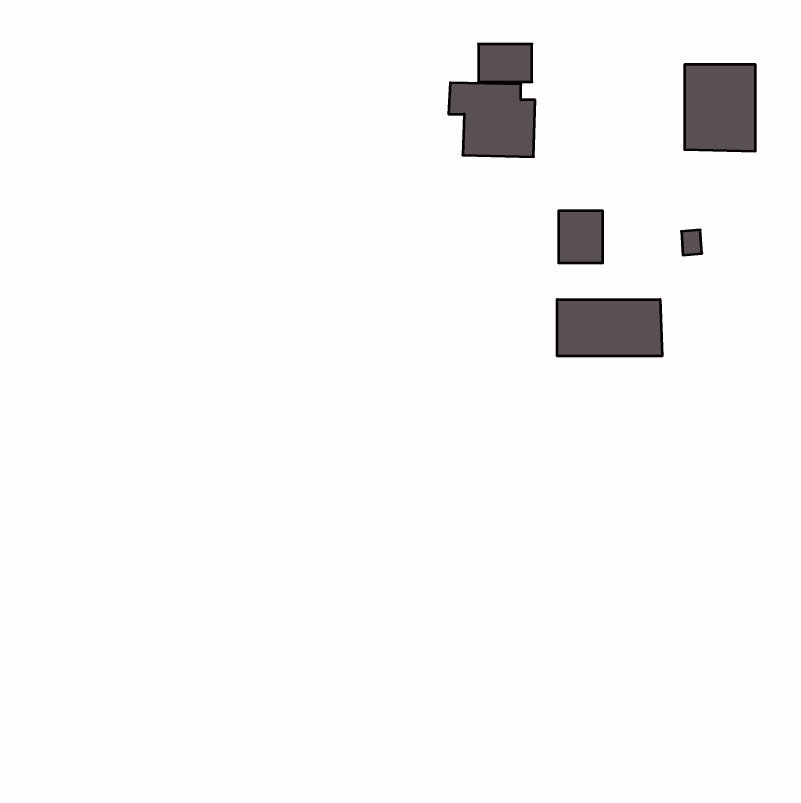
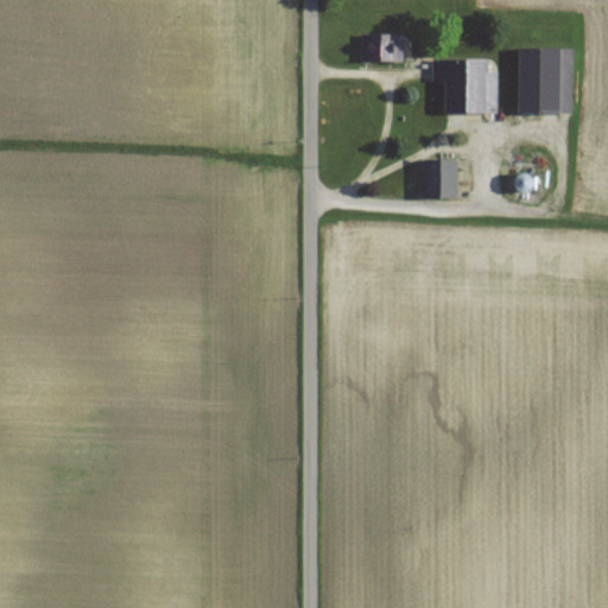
building: [449,83,535,157] -> [433,58,499,114]
building: [557,299,662,356] -> none

